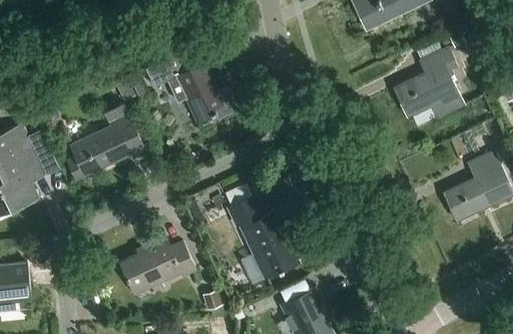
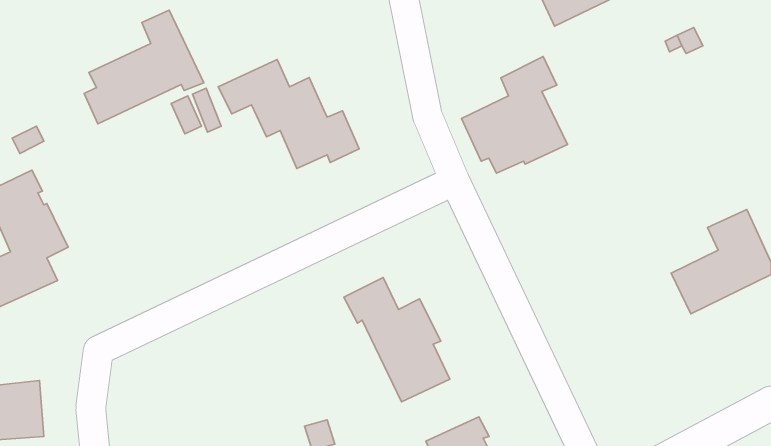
building: [394,47,464,124] -> [462,57,568,173]
building: [66,105,145,181] -> [84,10,204,124]
building: [121,238,195,295] -> none

